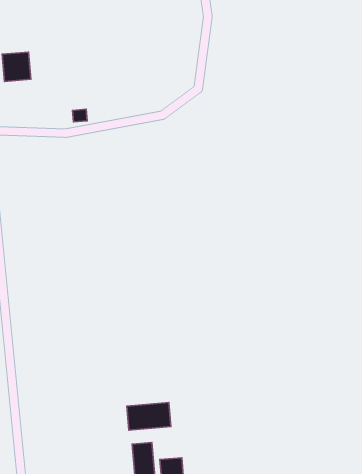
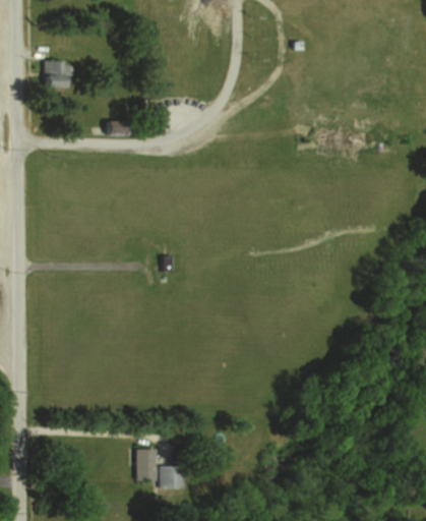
building: [127,402,171,430] -> none

